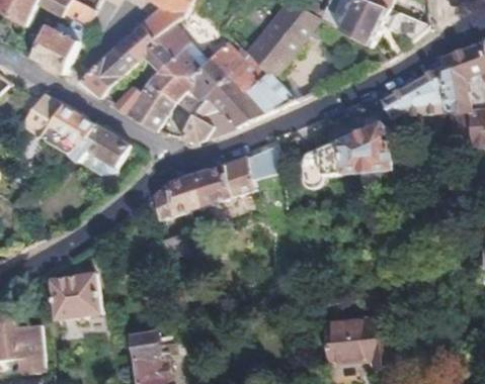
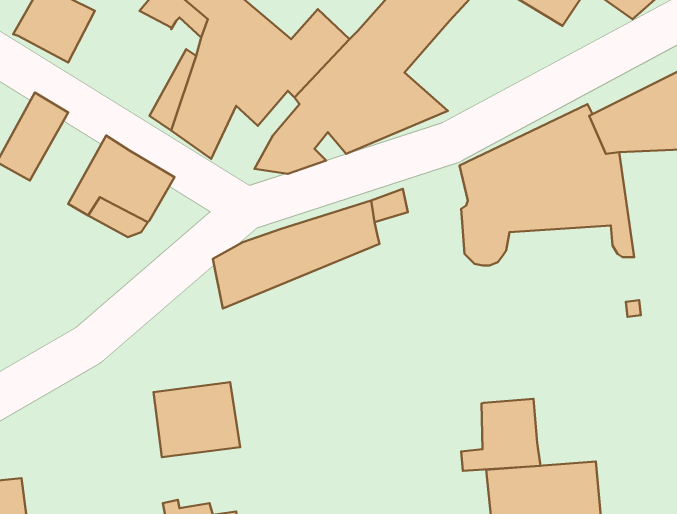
building: [80,40,130,95] -> none
building: [44,102,90,158] -> none
building: [50,273,102,318] -> [153,382,240,457]
building: none -> [461,399,540,471]

